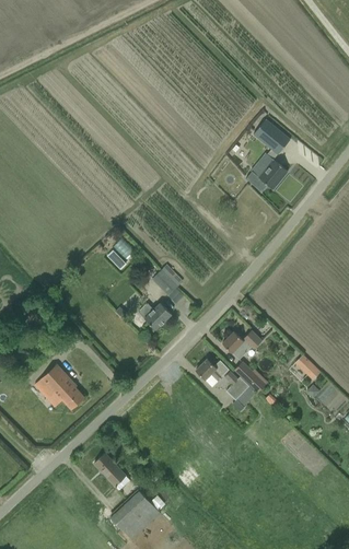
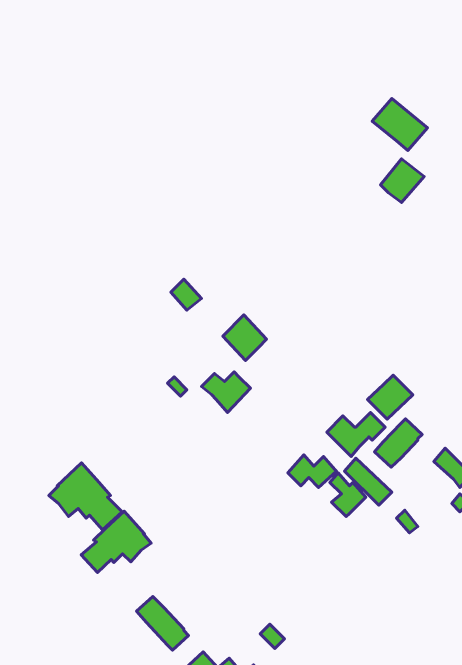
building: none -> [368,375,413,419]
building: none -> [375,419,422,467]
building: none -> [81,511,151,573]

